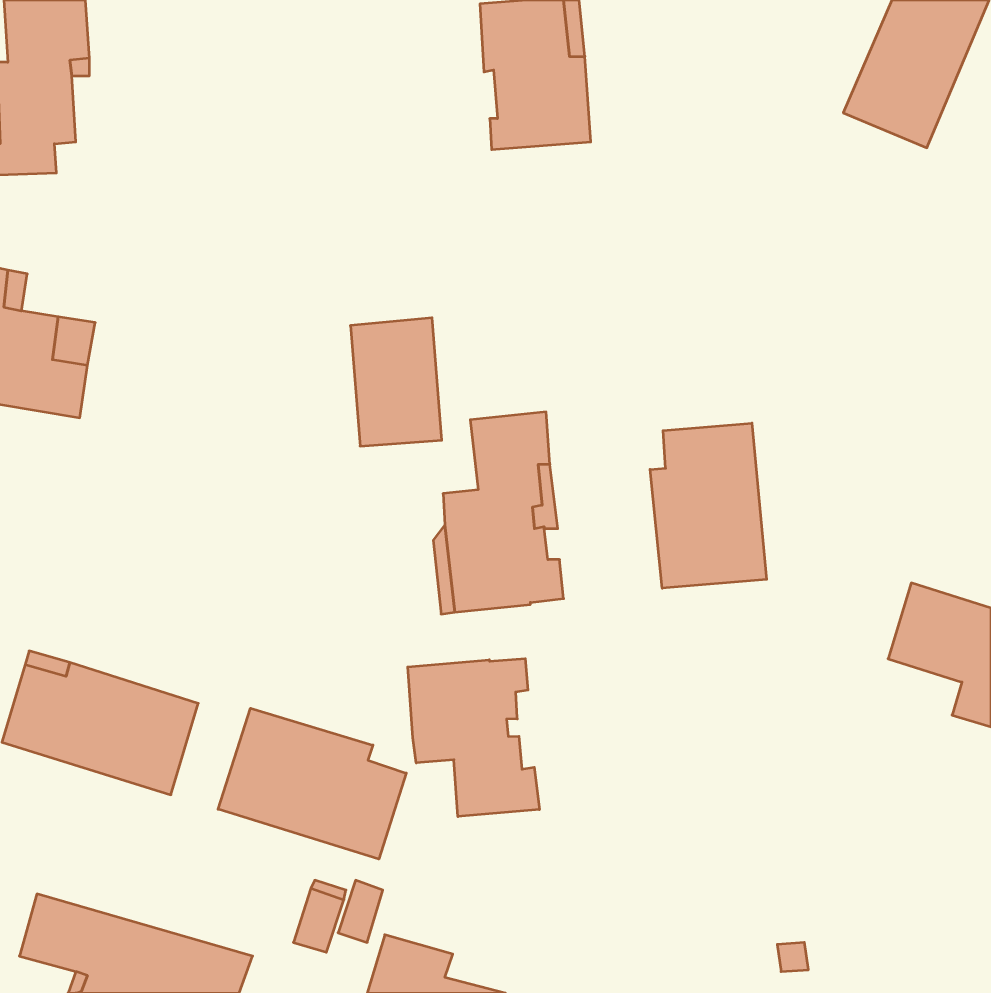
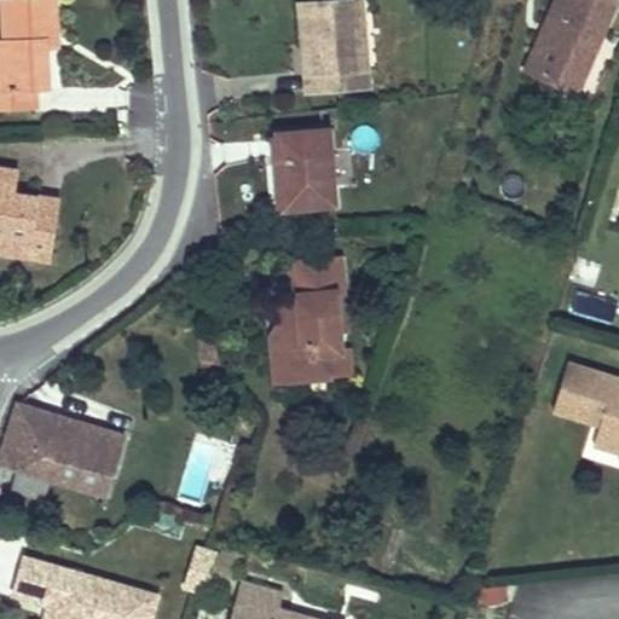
building: [350,318,442,446] -> [277,133,334,213]
building: [650,423,767,588] -> none
building: [408,659,539,817] -> none
building: [218,708,406,859] -> none

